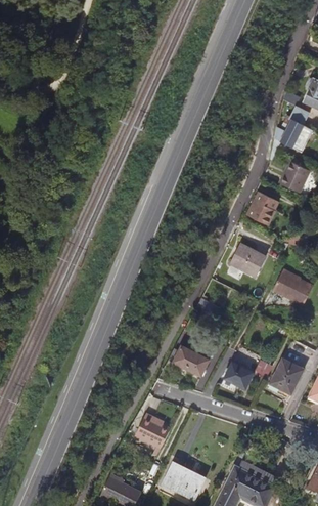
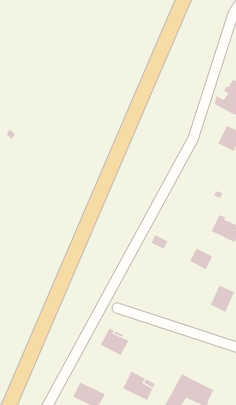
building: [245,193,277,227] -> none
building: [230,245,265,276] -> none
building: [175,344,210,375] -> none
building: [225,359,254,386] -> [189,248,213,270]

